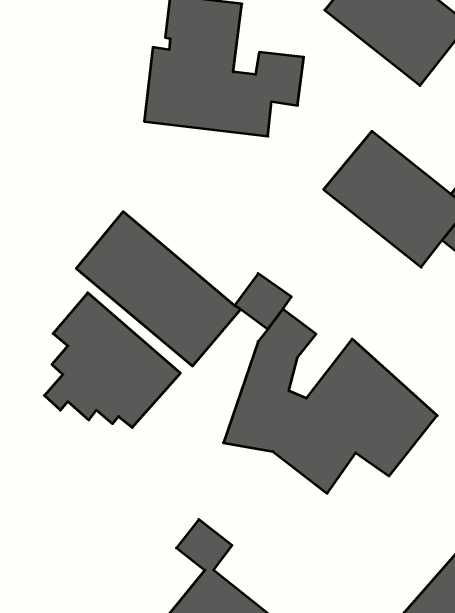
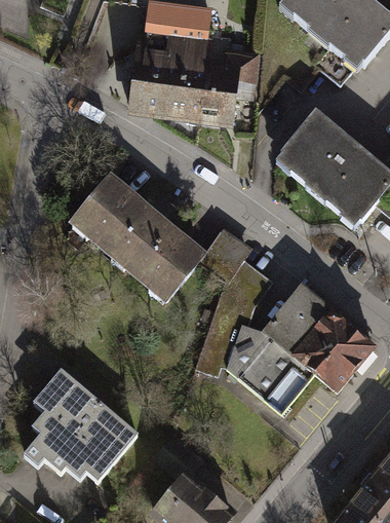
building: [44,293,180,428] -> [26,365,139,477]

